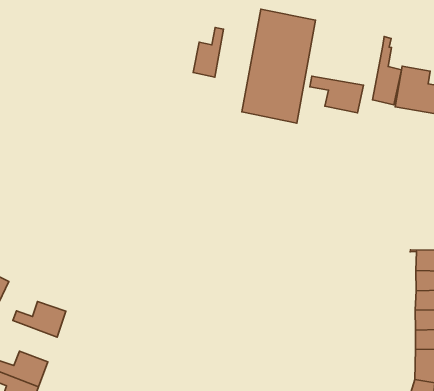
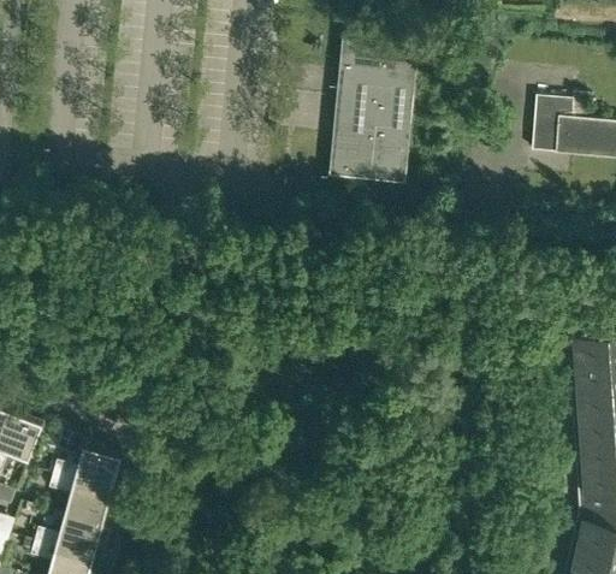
building: [193,28,223,77] -> none
building: [372,36,402,105] -> none
building: [310,76,363,113] -> none
building: none -> [49,474,113,525]

